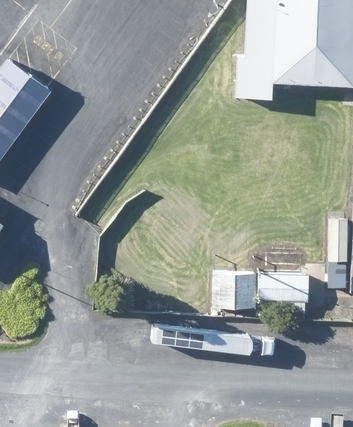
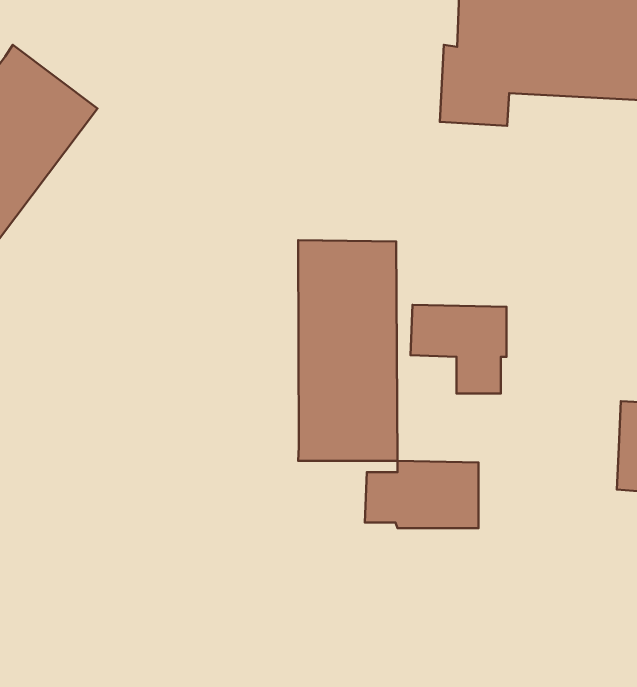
building: none -> [298,240,397,461]
building: [257,274,307,320] -> [410,305,507,394]

